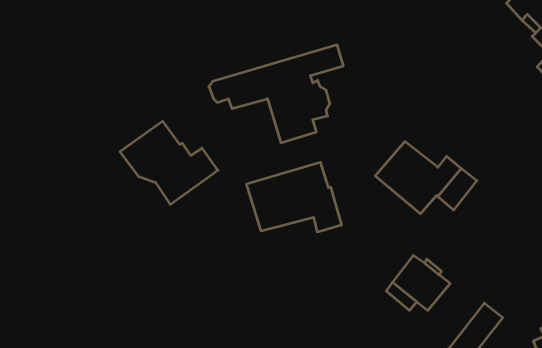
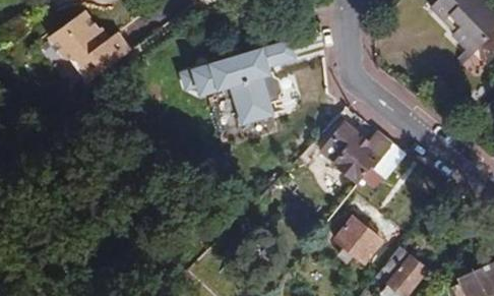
building: [120,121,218,204] -> [48,10,129,79]
building: [247,162,341,232] -> none

